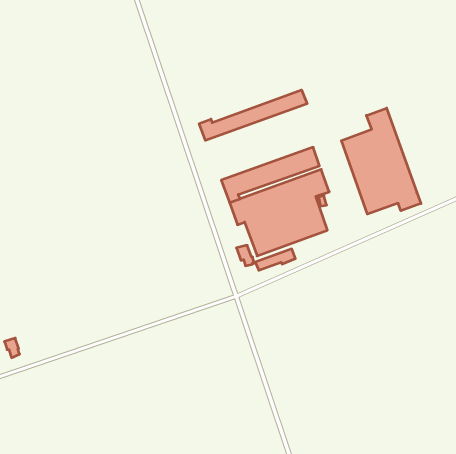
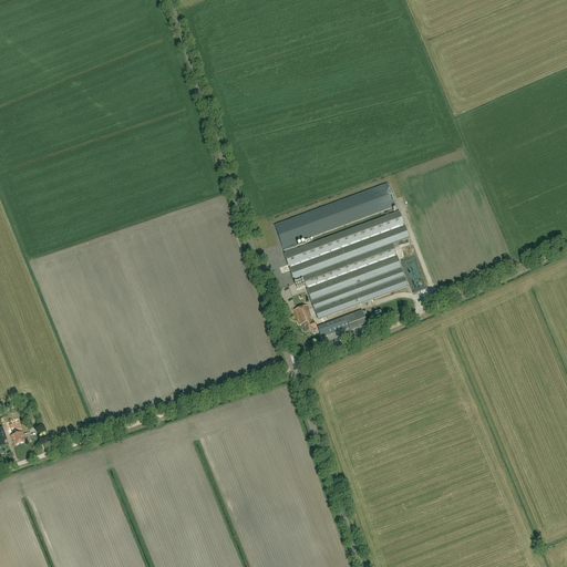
building: [199,90,307,140] -> none
building: [341,108,421,214] -> none

